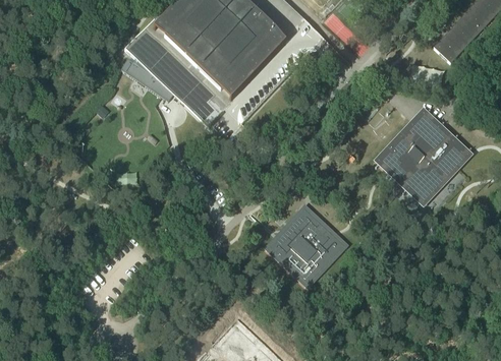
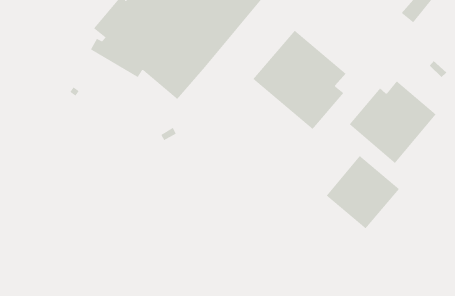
building: none -> [252,30,346,130]
building: [268,206,343,282] -> [326,155,400,229]

